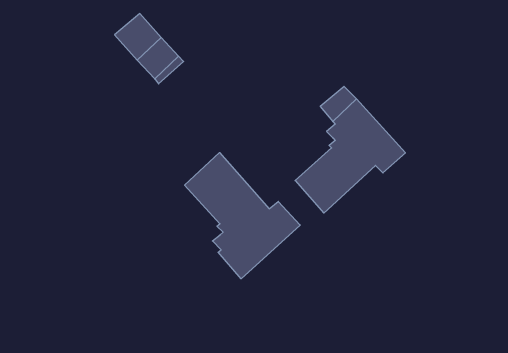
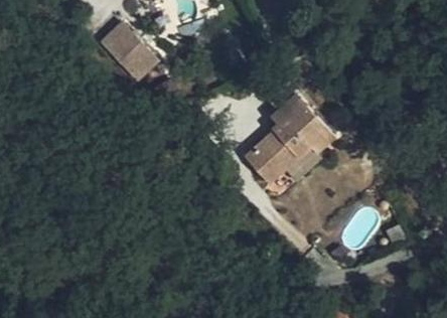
building: [185,153,300,279] -> none

